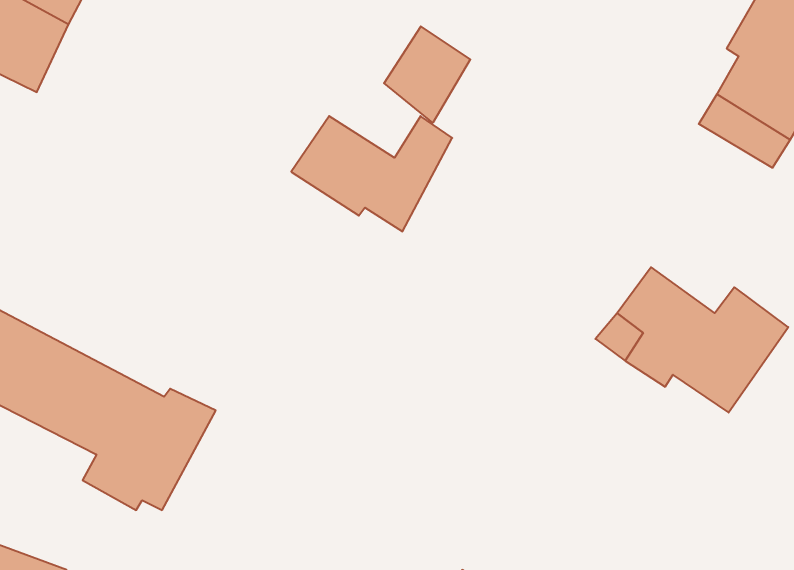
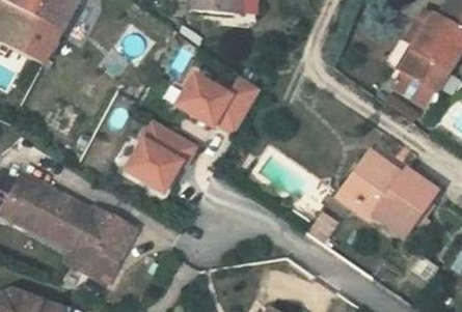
building: [384,26,470,123] -> none
building: none -> [125,117,197,191]

